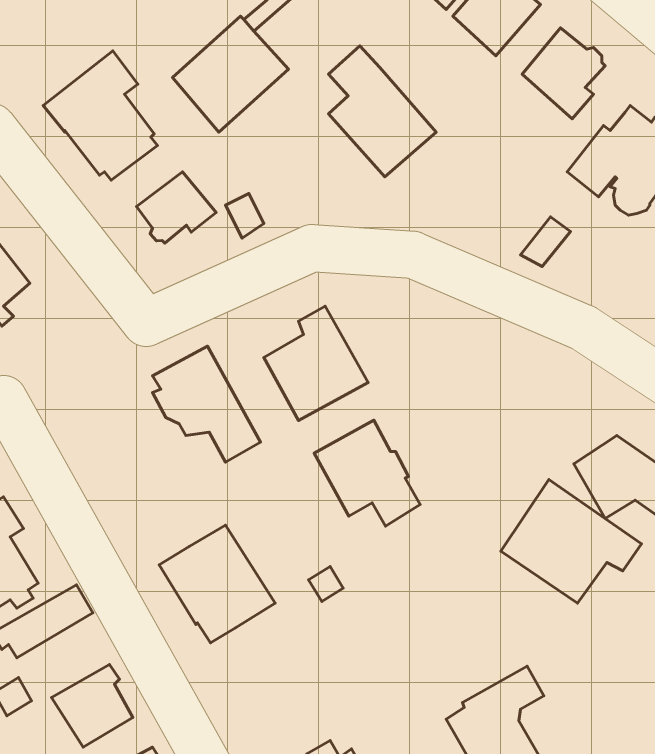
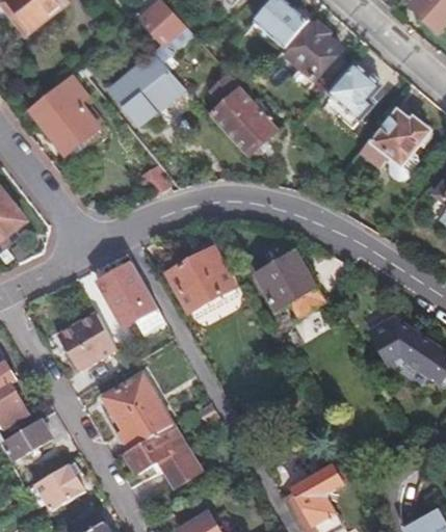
building: [137,172,216,243] -> none
building: [314,420,420,526] -> [253,246,319,313]
building: none -> [57,312,119,371]
building: [501,480,642,603] -> none
building: none -> [126,423,201,481]

